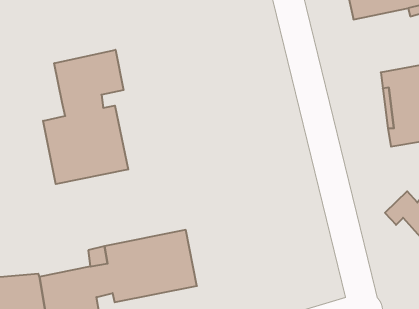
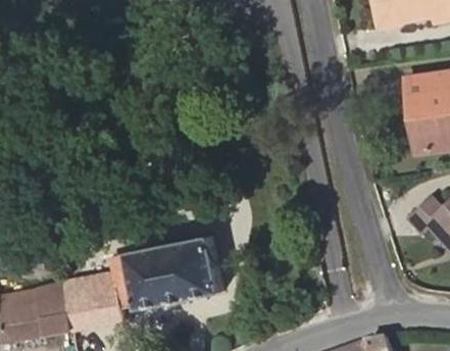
building: [43,50,128,184] -> none

